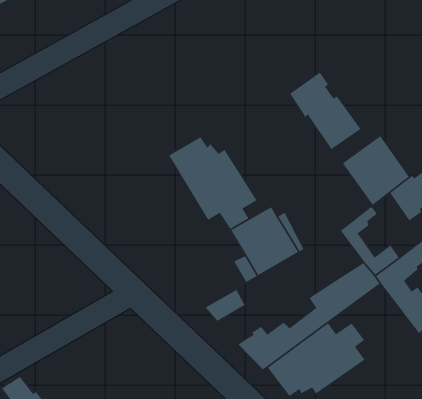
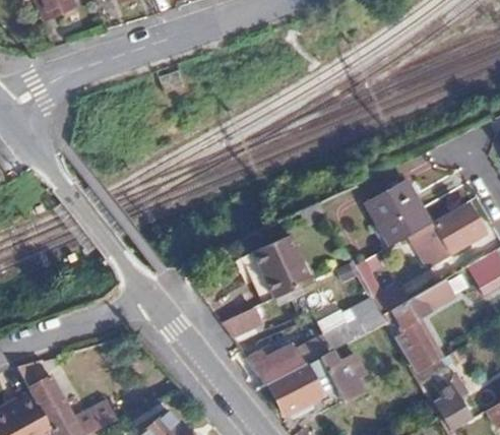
building: [289,71,361,150] -> none
building: [168,136,257,230] -> none

